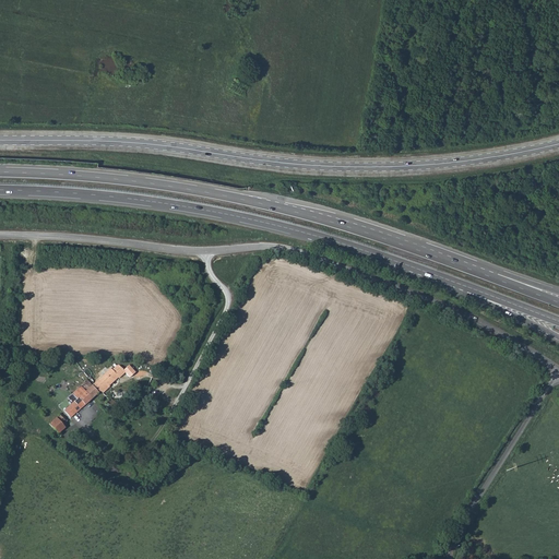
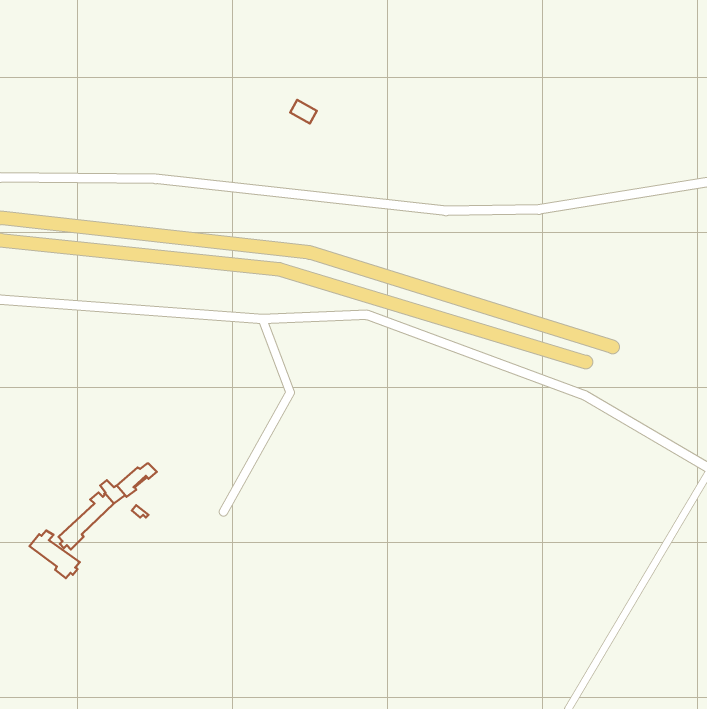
building: none -> [30,531,80,578]

